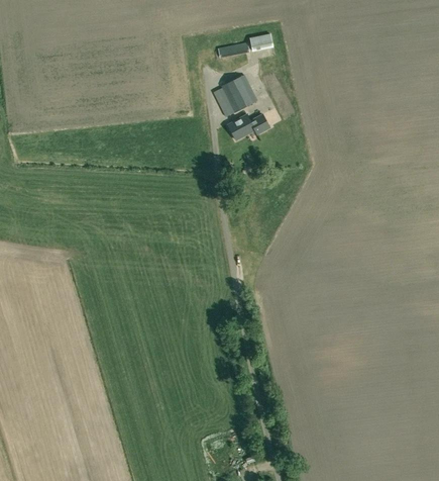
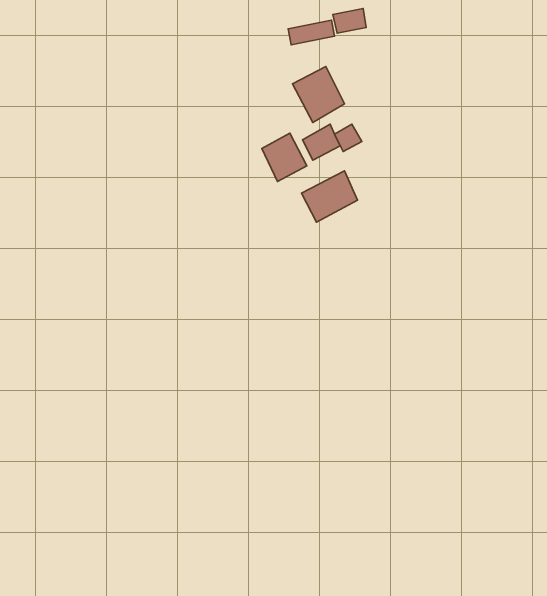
building: none -> [262,133,307,182]
building: none -> [301,171,357,222]

